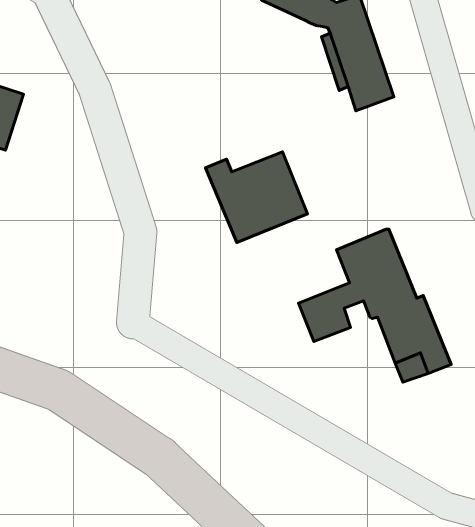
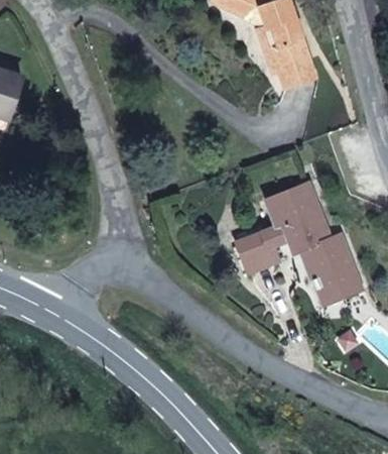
building: [206,152,308,243] -> none

